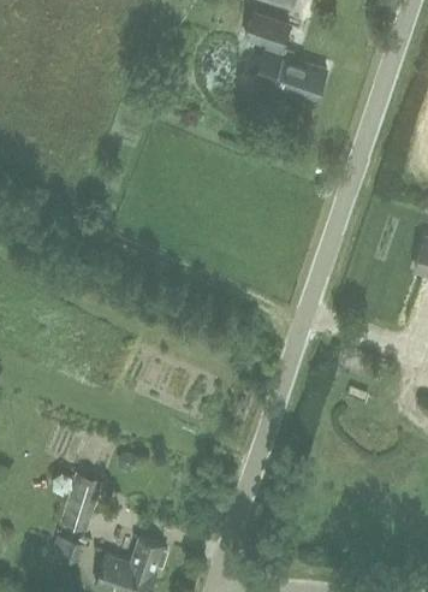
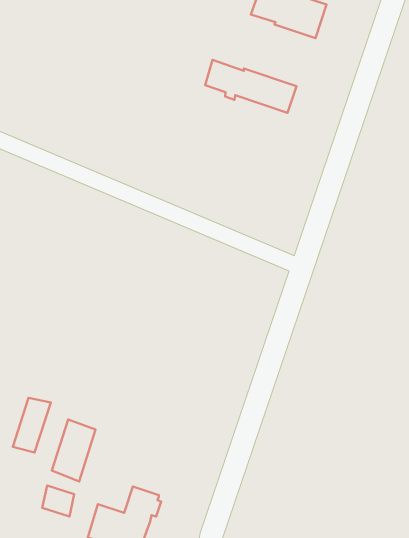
building: none -> [205,60,296,113]
building: none -> [13,398,51,453]

